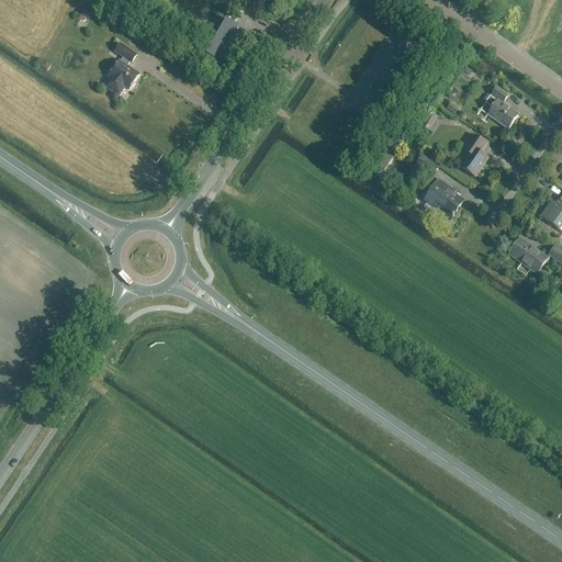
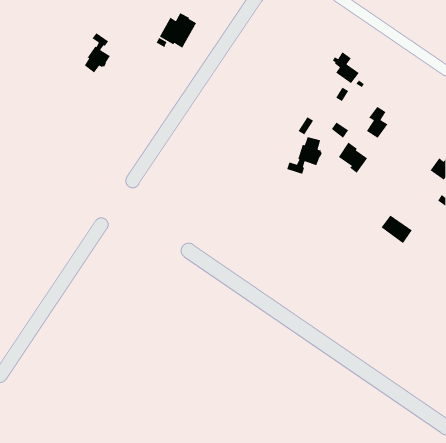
building: [483,85,518,126] -> [332,51,360,84]
building: none -> [286,136,323,175]
building: [508,235,549,272] -> [380,214,413,244]

